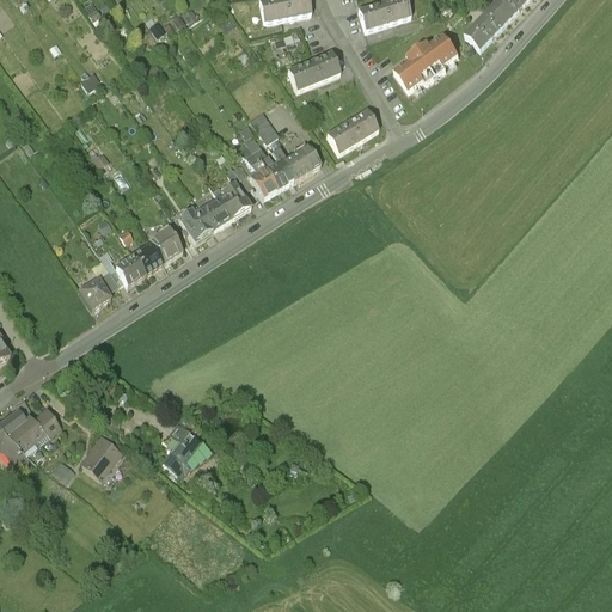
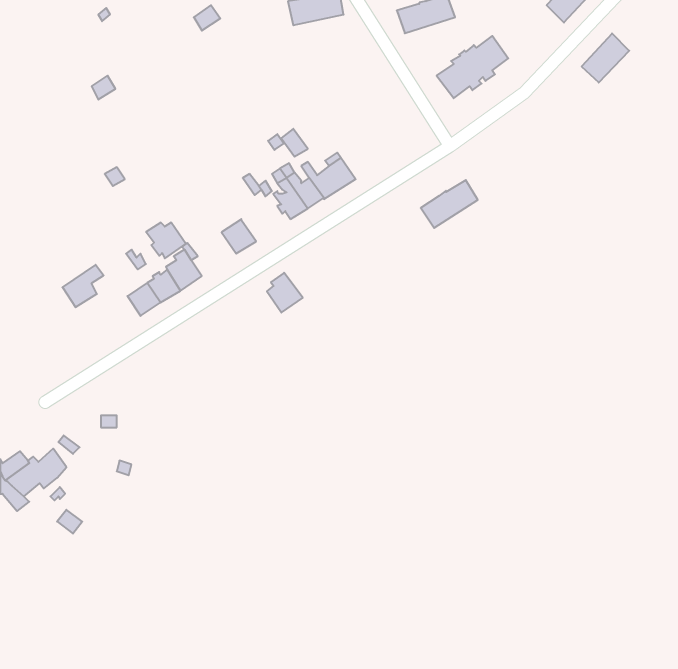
building: [465,5,508,49] -> [582,33,629,83]
building: [288,51,339,90] -> none
building: [326,106,378,149] -> [421,180,478,228]
building: [218,182,250,218] -> [267,273,303,313]
building: [177,209,213,241] -> [146,223,186,258]
building: [79,269,116,307] -> [62,265,104,307]
building: [164,428,198,476] -> none
building: [80,436,121,475] -> none

